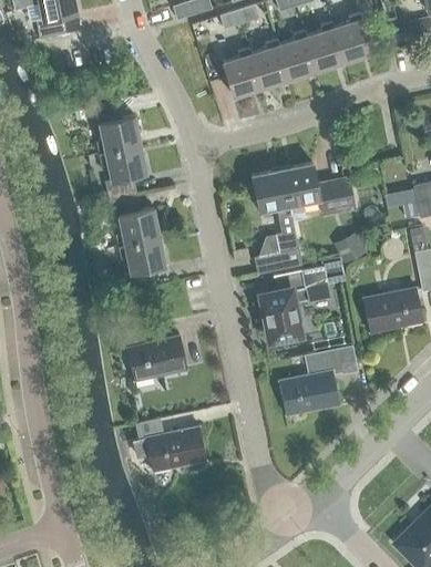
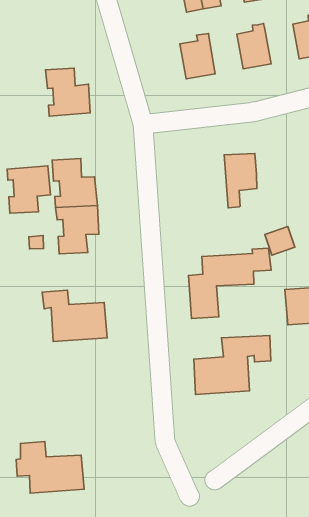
building: [307,21,346,70] -> none
building: [252,39,290,87] -> none
building: [100,144,147,197] -> [7,166,51,213]
building: [252,168,302,274] -> none
building: [318,178,355,215] -> none
building: [134,417,207,472] -> [16,441,84,493]

